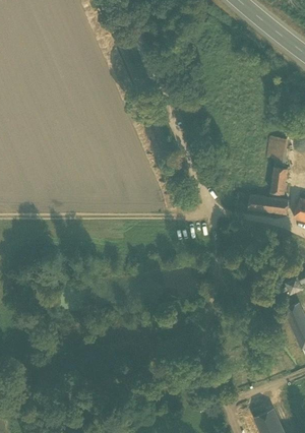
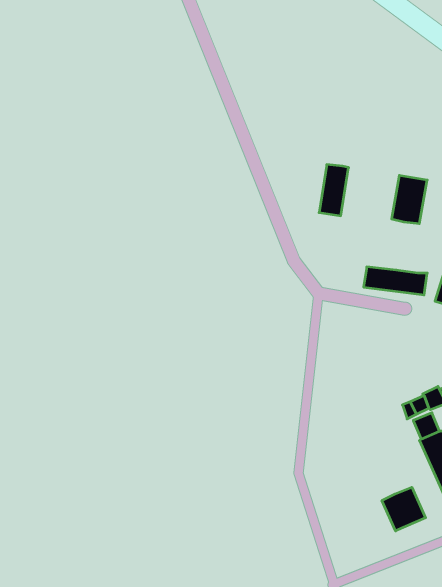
building: [268,167,288,200] -> [319,165,349,216]
building: none -> [382,487,426,531]

